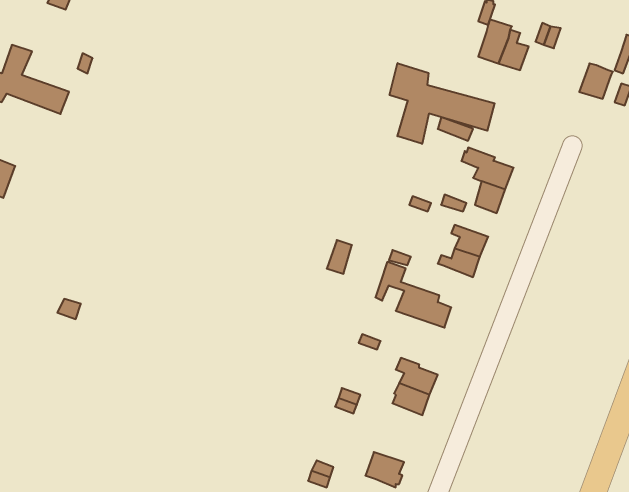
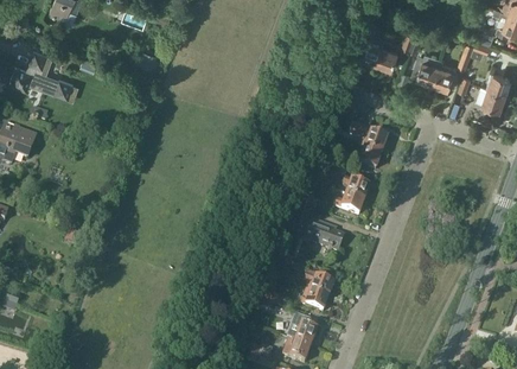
building: none -> [413,51,441,82]
building: [390,63,495,144] -> none
building: none -> [288,312,318,343]

